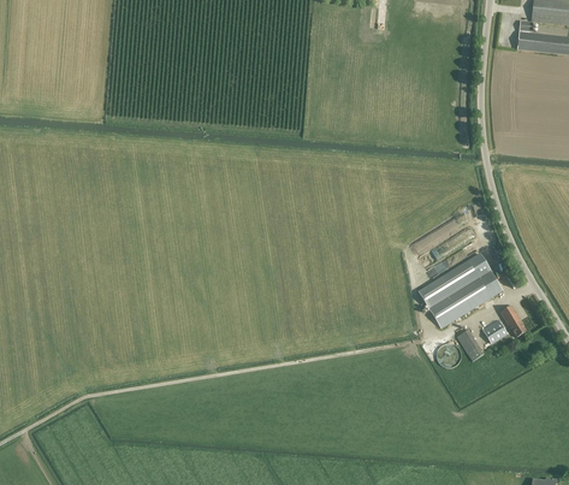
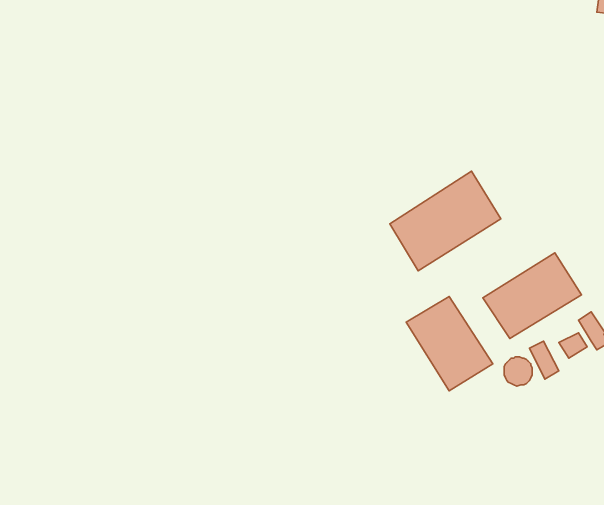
building: none -> [390,171,501,271]
building: none -> [406,296,493,391]

